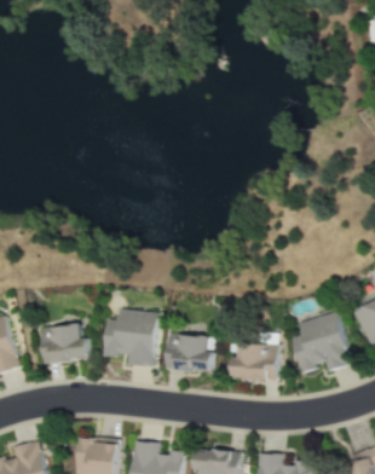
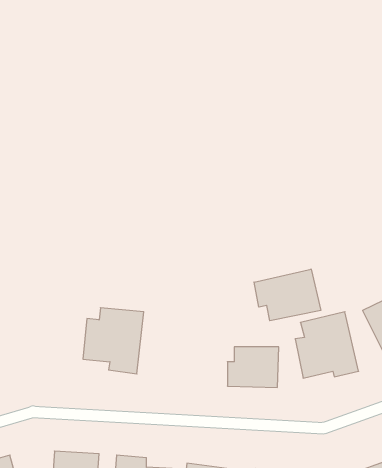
building: none -> [254,269,321,321]
building: [41,324,88,363] -> none
building: [166,334,212,371] -> none

